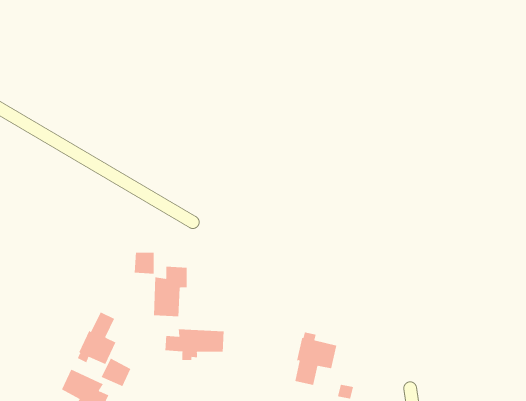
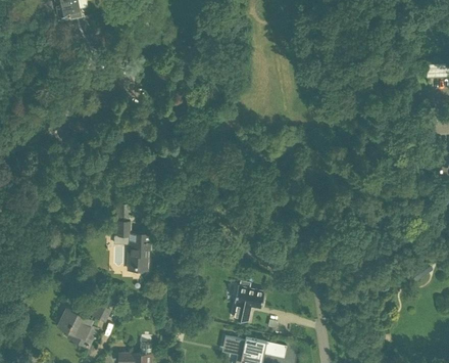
building: [77,311,116,365] -> none
building: [165,328,224,361] -> none

